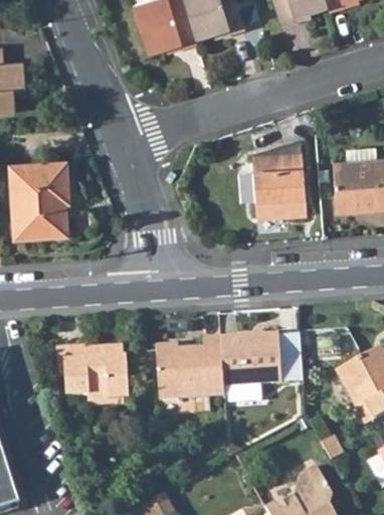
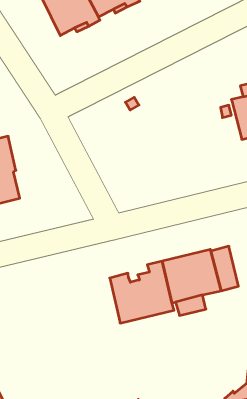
building: [251,139,307,218] -> none
building: [56,345,129,400] -> none

